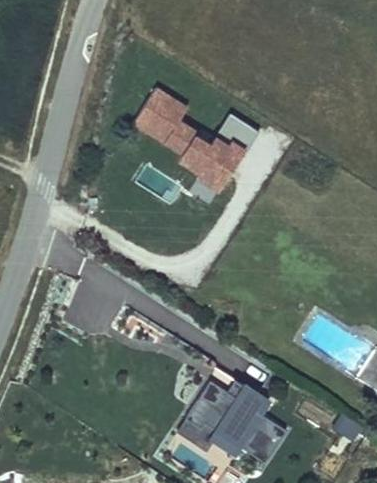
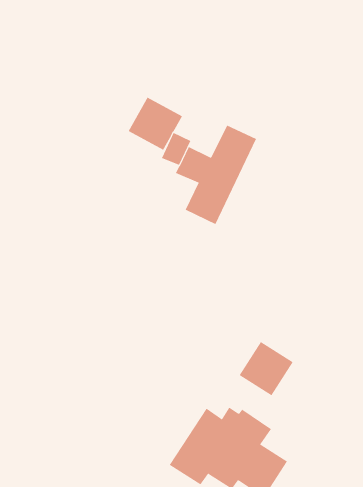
building: none -> [239,341,294,396]

